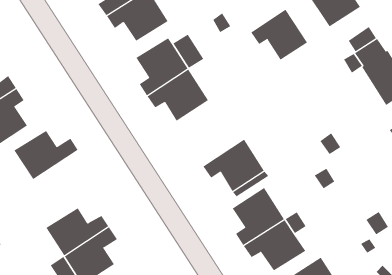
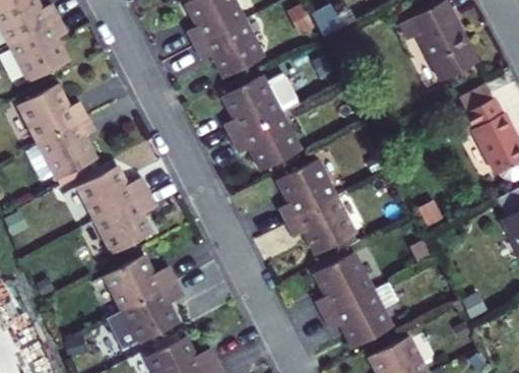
building: [251,9,308,60] -> none
building: none -> [277,160,335,224]
building: none -> [95,192,157,254]

